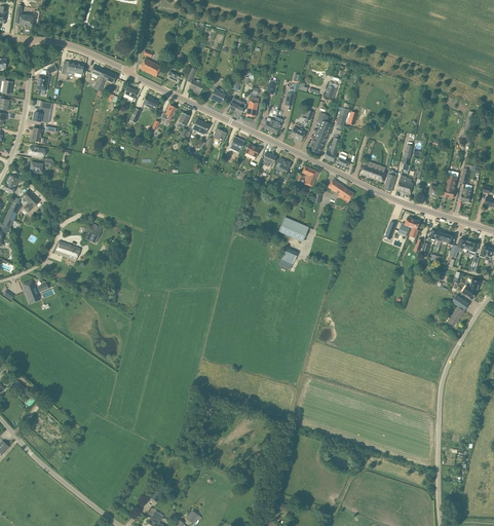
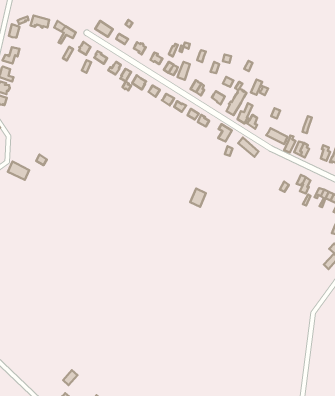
building: [278,217,308,241] -> none

